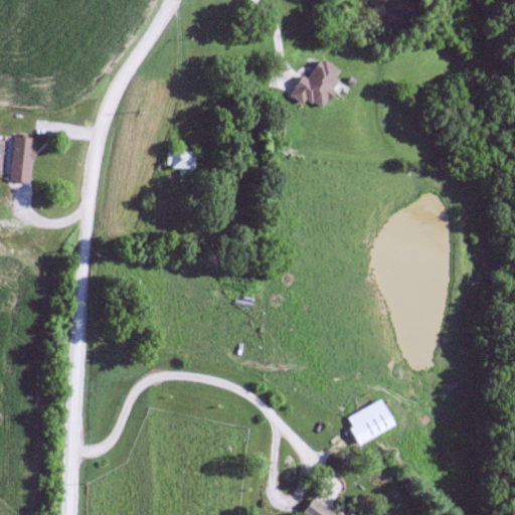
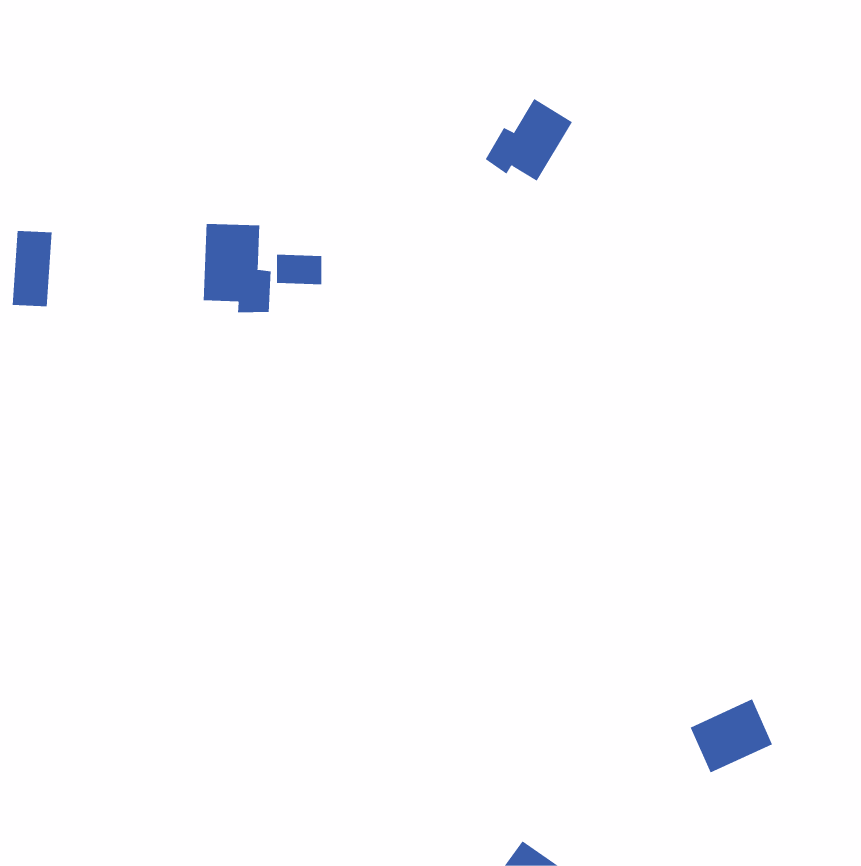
building: none -> [203,223,271,313]
building: [345,400,394,445] -> [690,699,773,773]

